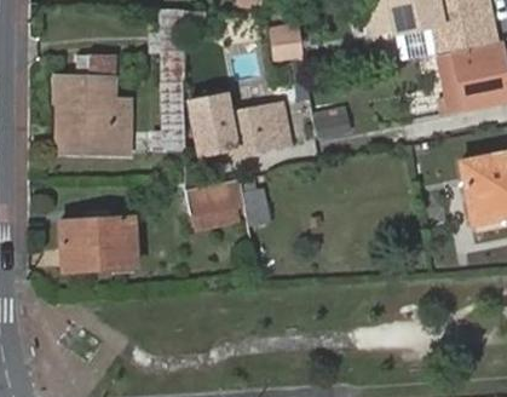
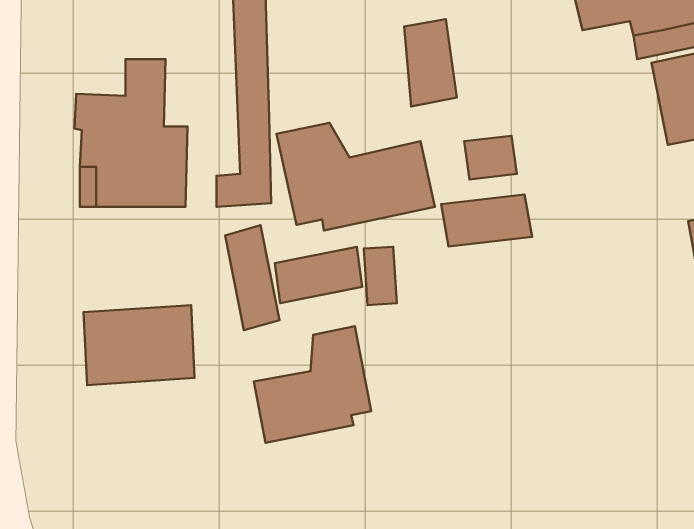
building: none -> [441,195,532,246]
building: none -> [225,225,280,330]
building: none -> [254,326,371,443]

